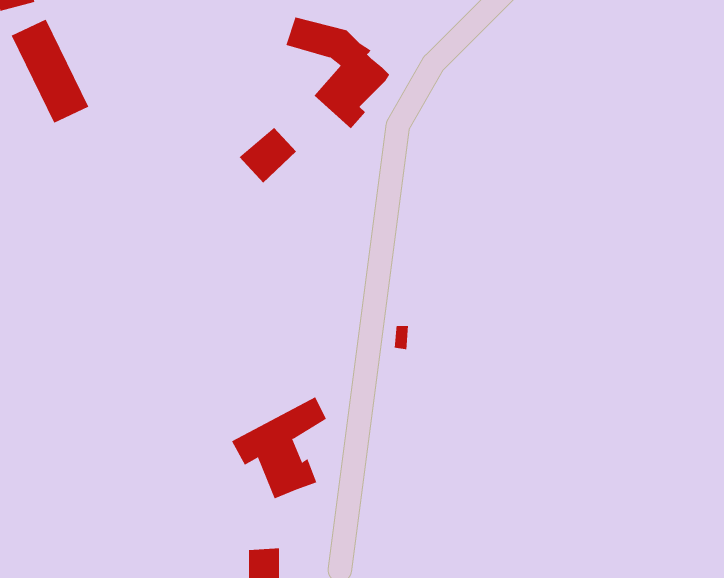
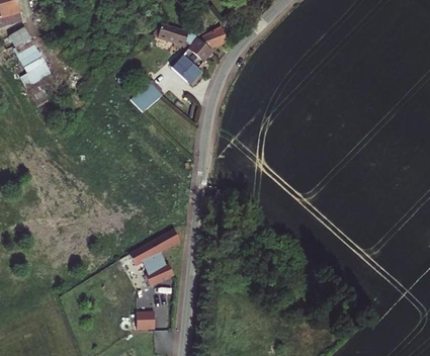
building: none -> [197,25,227,51]

